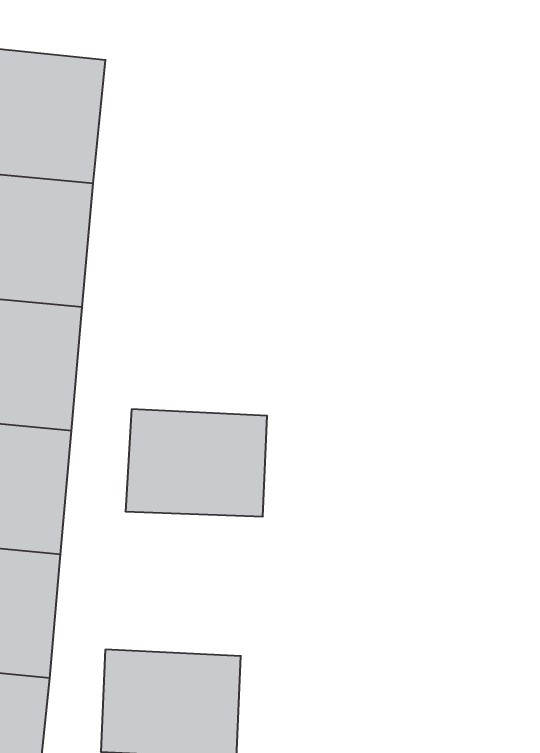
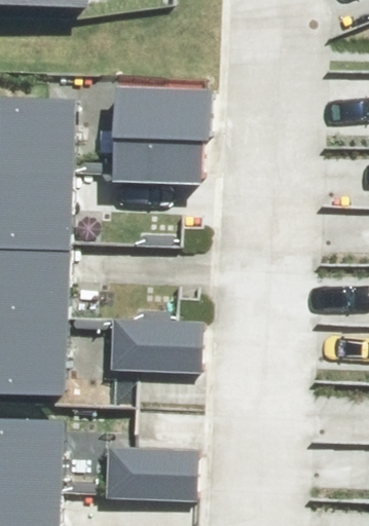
building: none -> [118,76,202,175]

